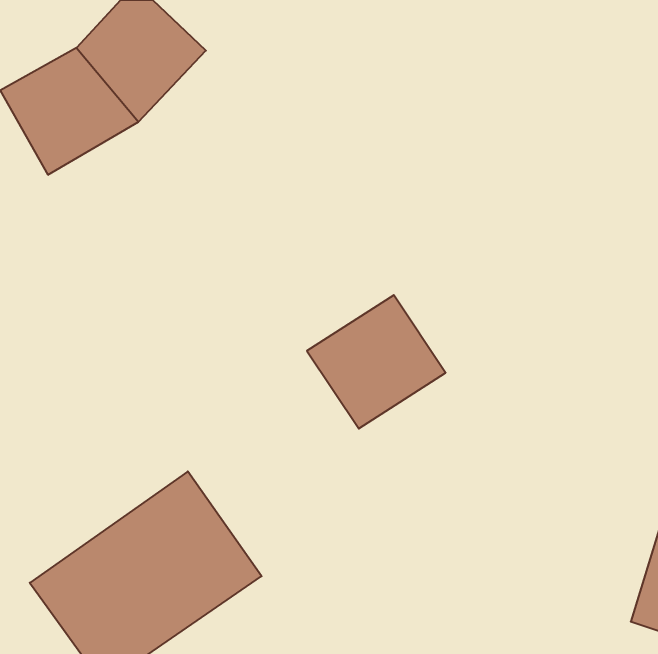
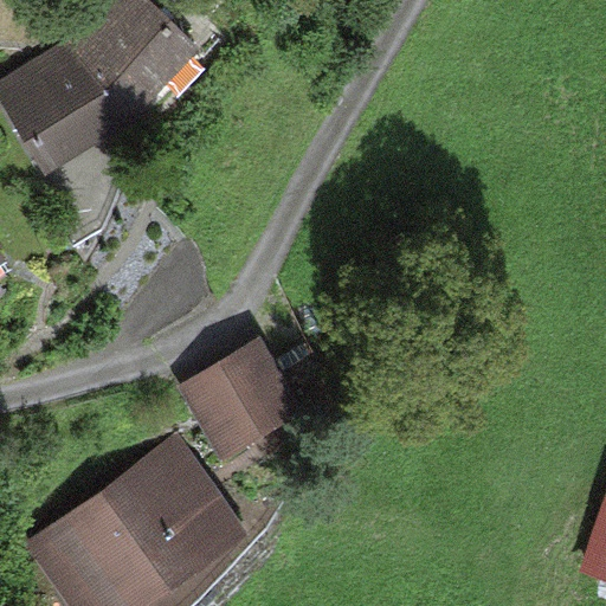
building: [307,295,446,429] -> [179,337,305,459]

